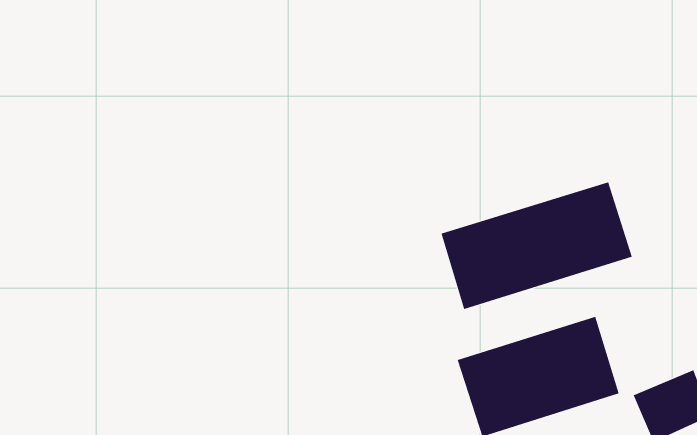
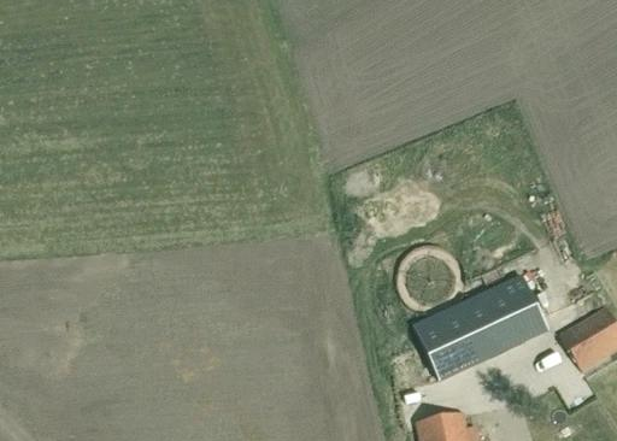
building: [441,181,633,310] -> none

